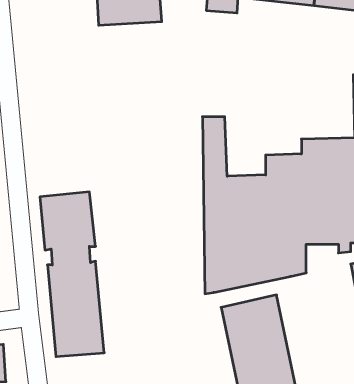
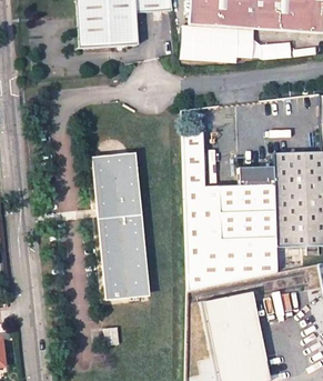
building: [40,192,104,357] -> [92,152,150,300]

